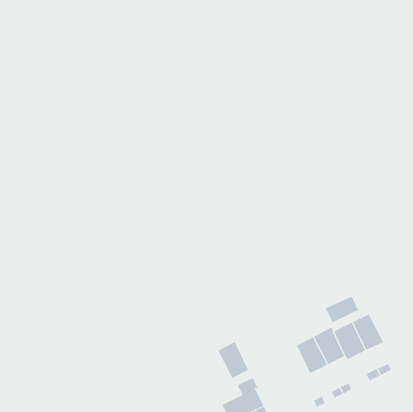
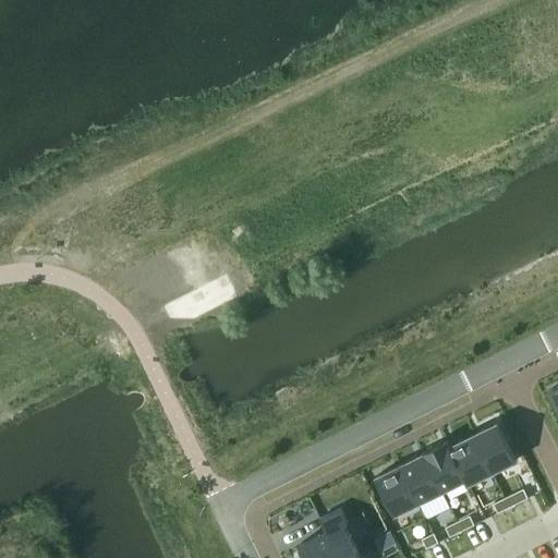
building: [325,296,359,323] -> none
building: [217,342,249,379] -> [374,468,416,518]

